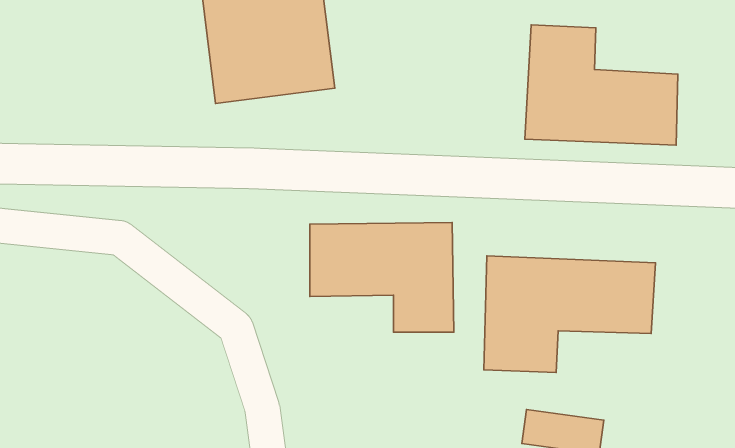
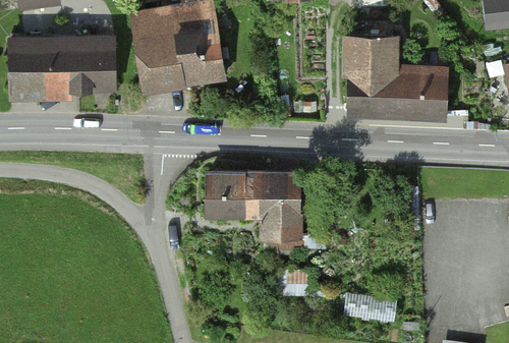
building: none -> [7,40,116,91]
building: [484,256,656,372] -> none

